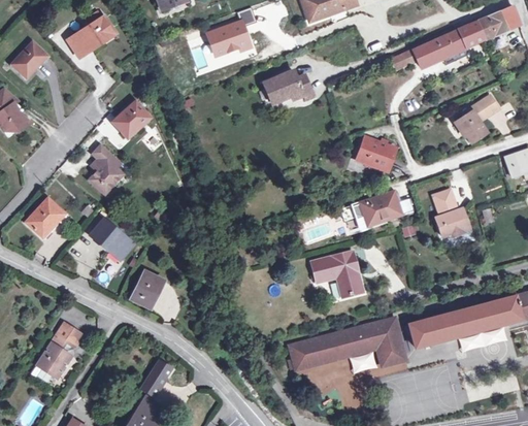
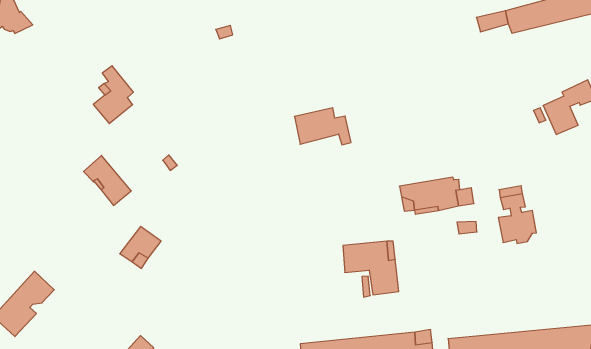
building: [263,70,312,104] -> [294,108,351,145]
building: [112,100,150,138] -> none
building: [358,136,396,170] -> none
building: [27,198,65,236] -> none

